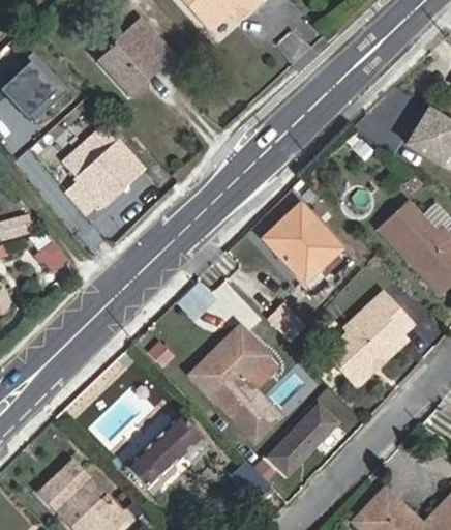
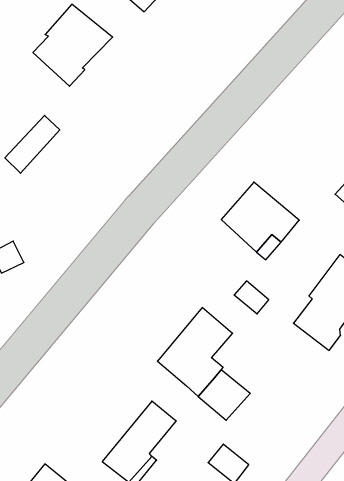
building: [65,139,146,216] -> none
building: [268,404,335,470] -> none

